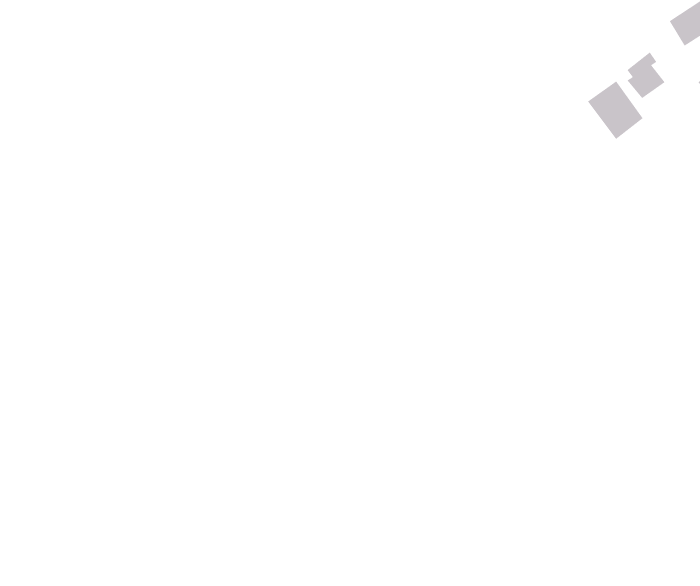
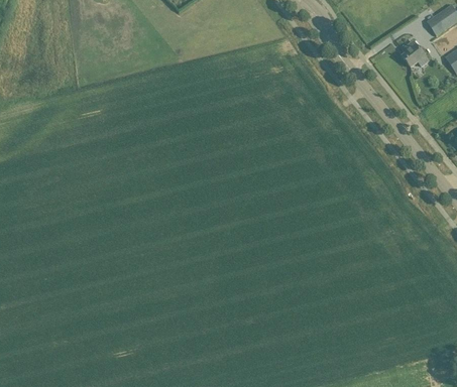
building: [587,81,643,140] -> none

